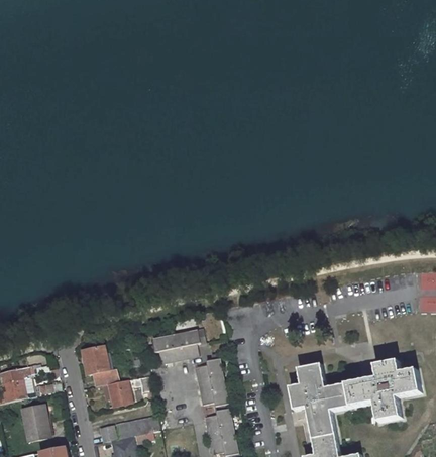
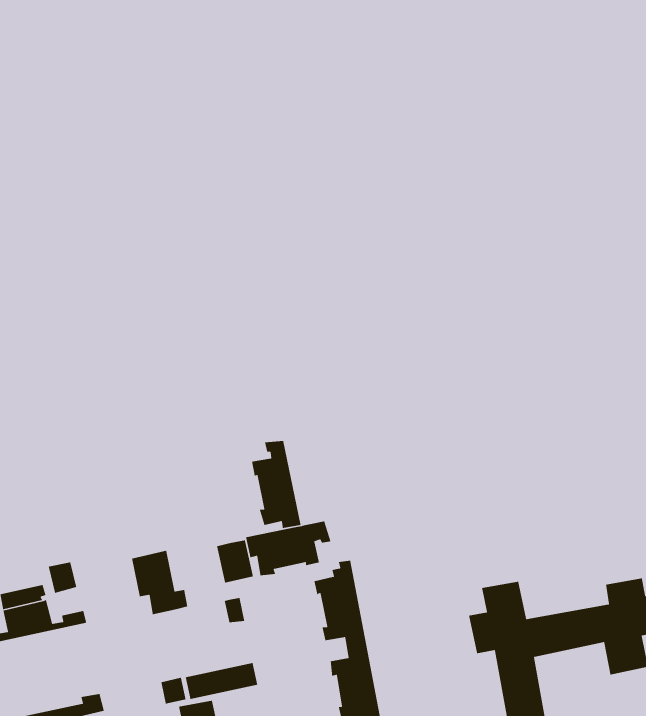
building: none -> [251,440,301,529]
building: [109,379,132,407] -> [216,539,254,583]
building: [21,404,48,441] -> none

